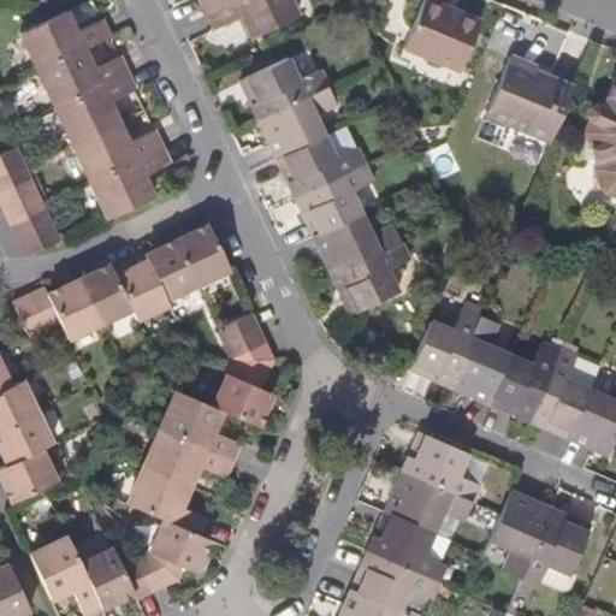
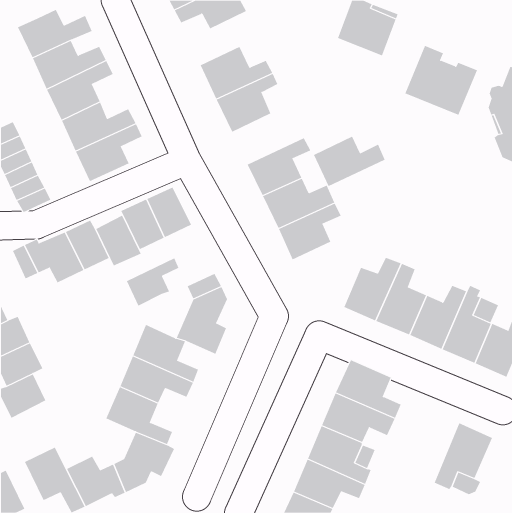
building: [279,136,366,197] -> [313,136,386,187]
building: none -> [126,257,179,307]
building: [491,490,551,579] -> none

